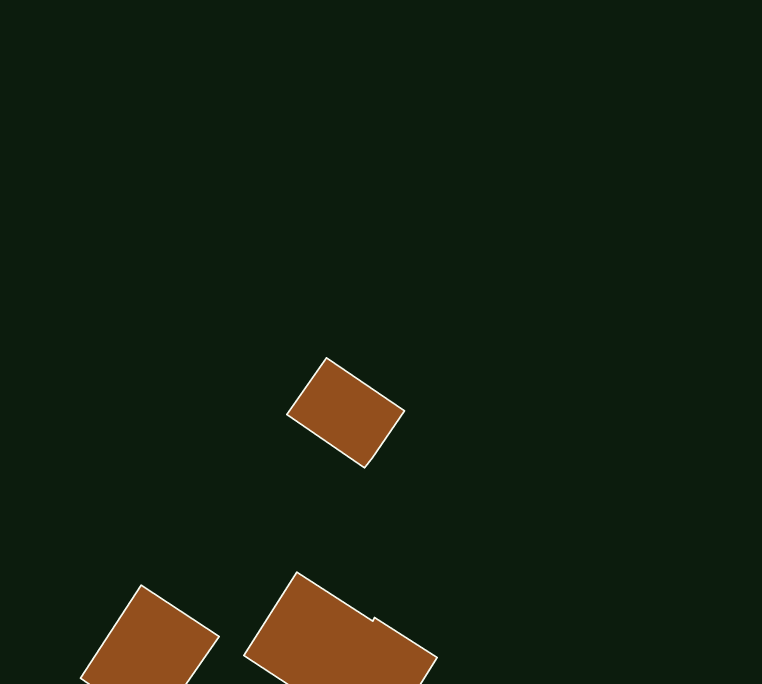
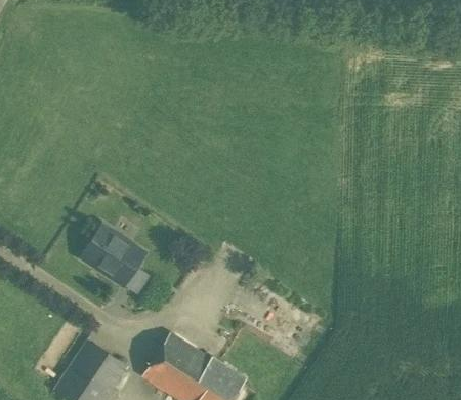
building: [287,358,404,468] -> [82,226,145,285]

